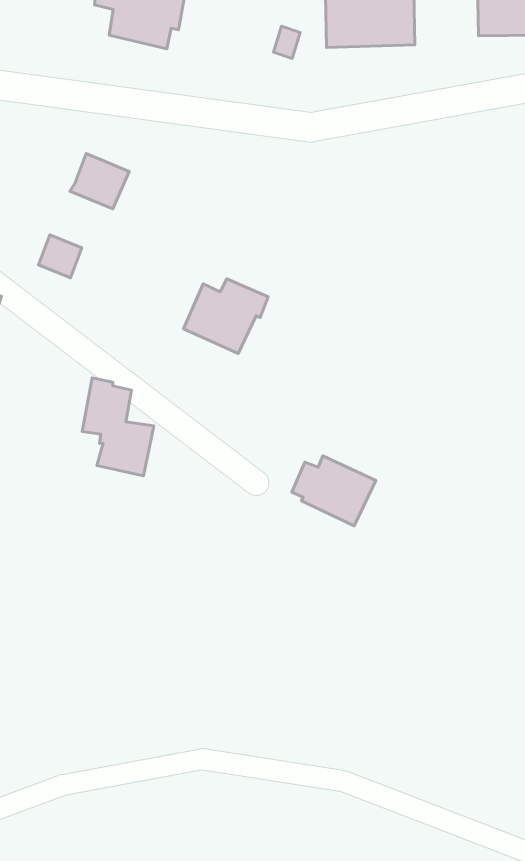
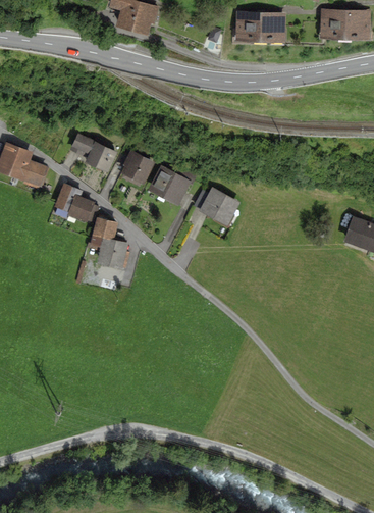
building: [70,153,129,209] -> [85,143,118,174]
building: none -> [121,151,156,188]
building: none -> [54,184,100,223]
building: [292,456,376,526] -> [194,188,241,227]

